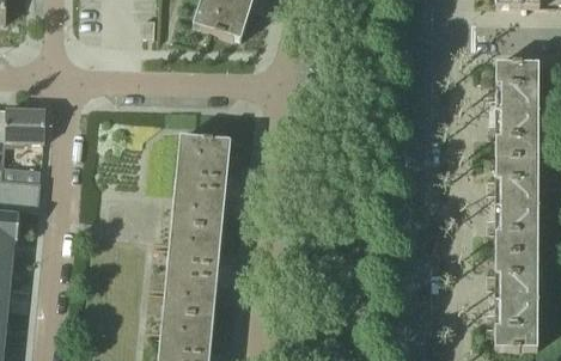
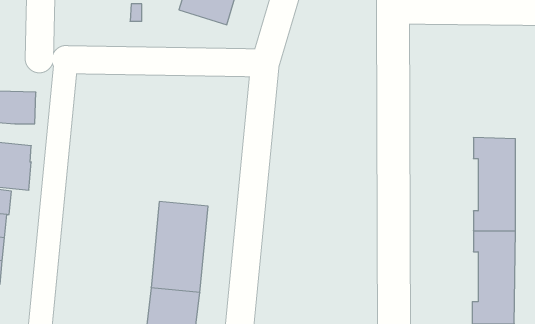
building: [495,61,538,157] -> none
building: [172,131,231,226] -> none

